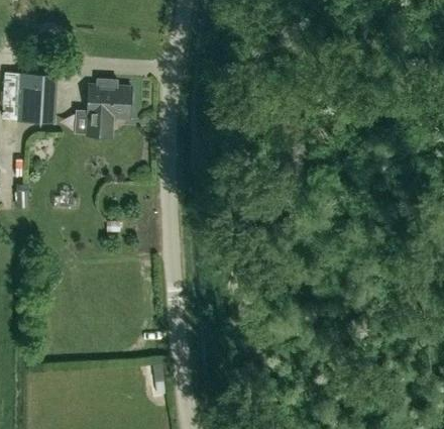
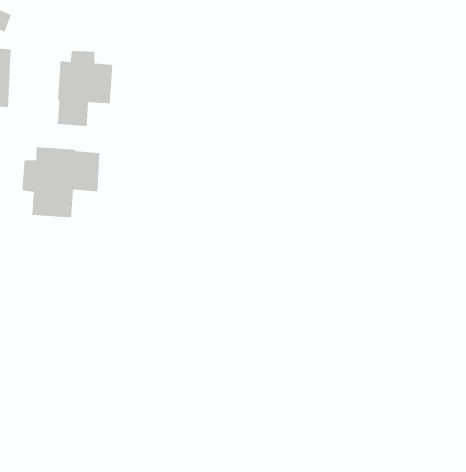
building: none -> [22,146,100,218]

